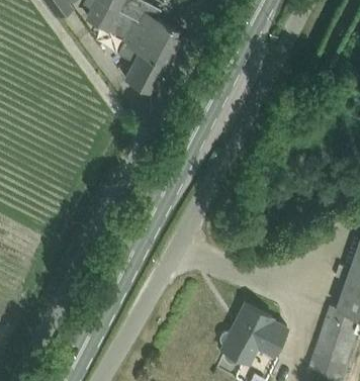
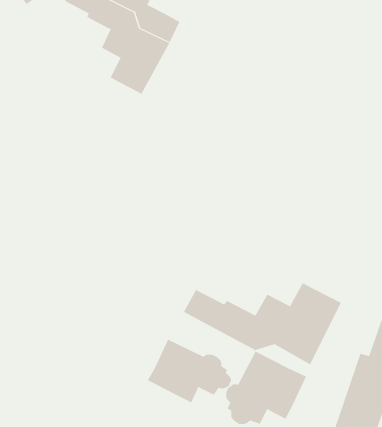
building: none -> [183,283,342,365]
building: none -> [147,339,231,403]

